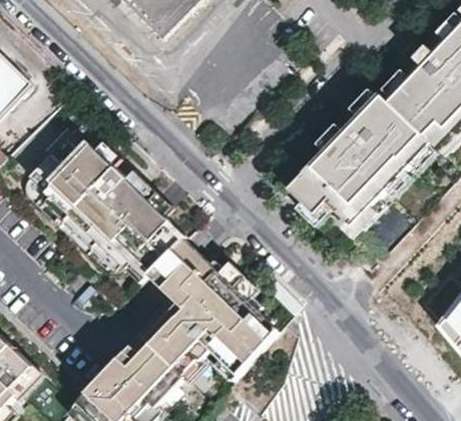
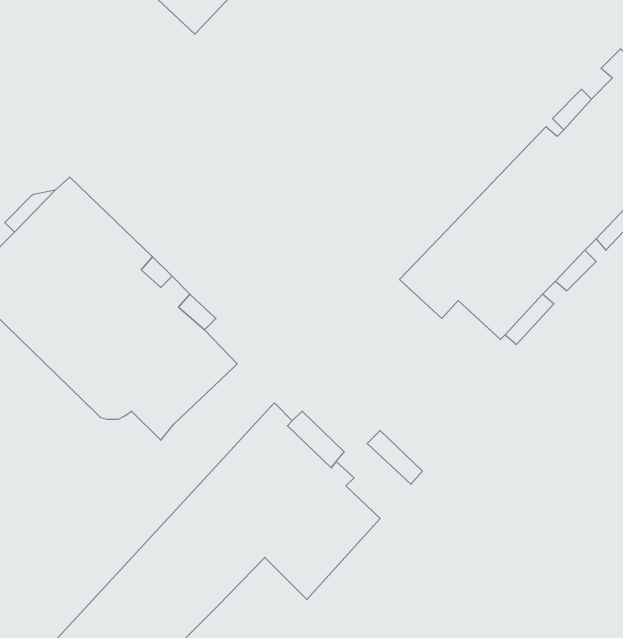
building: [148,242,208,303] -> none

